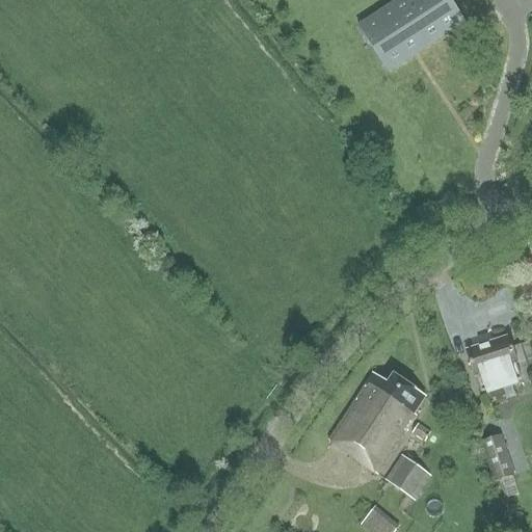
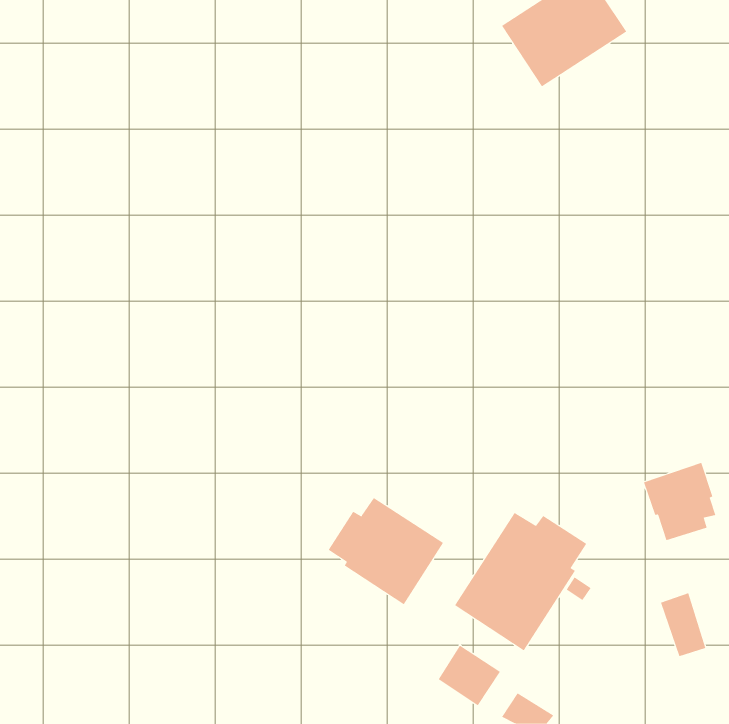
building: none -> [328,497,444,605]
building: [383,451,429,496] -> [438,645,501,706]

